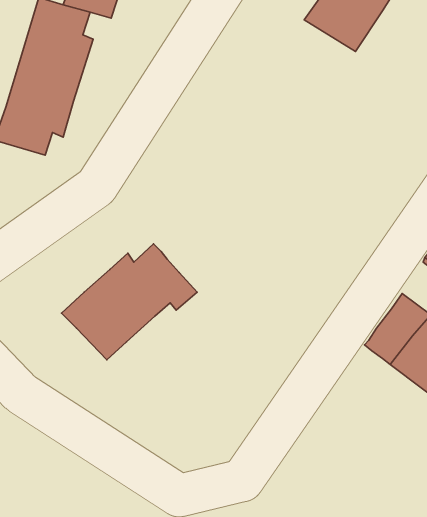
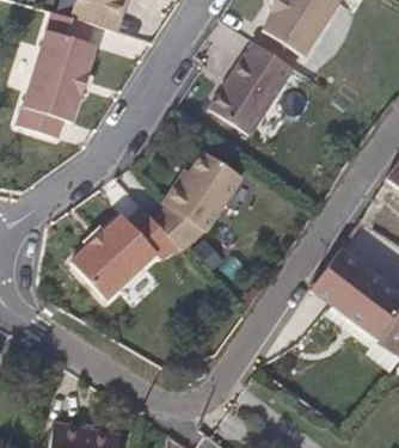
building: none -> [210,41,294,135]
building: none -> [154,149,244,250]

